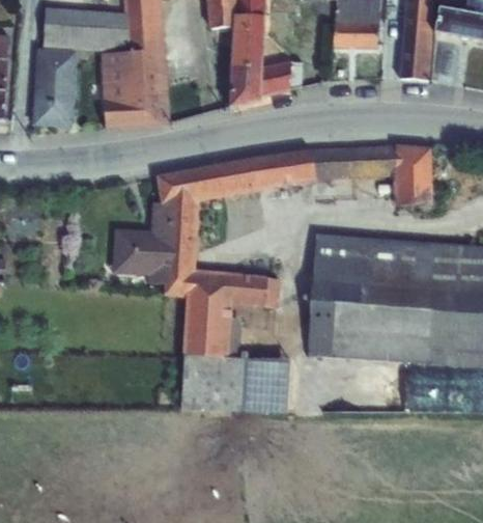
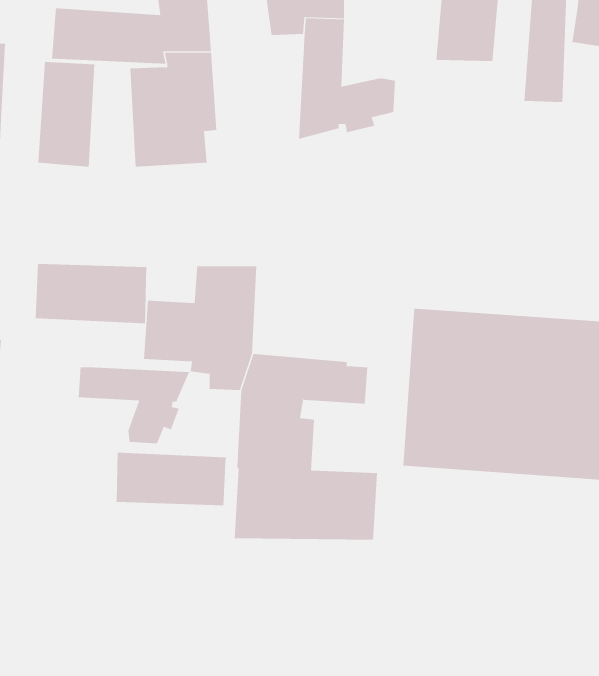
building: [157,144,432,204] -> none
building: none -> [35,263,147,324]
building: none -> [78,367,190,444]
building: none -> [116,452,226,506]

